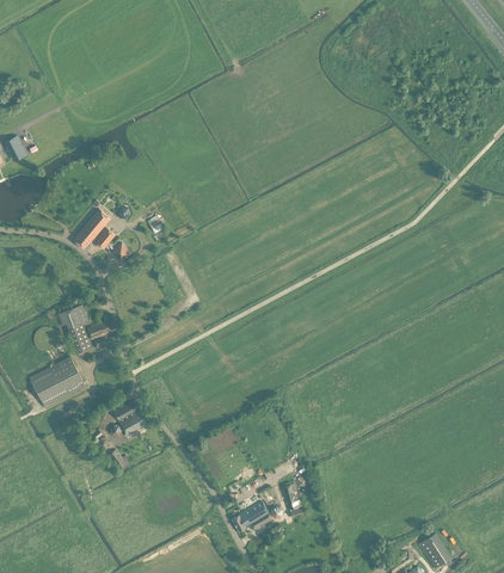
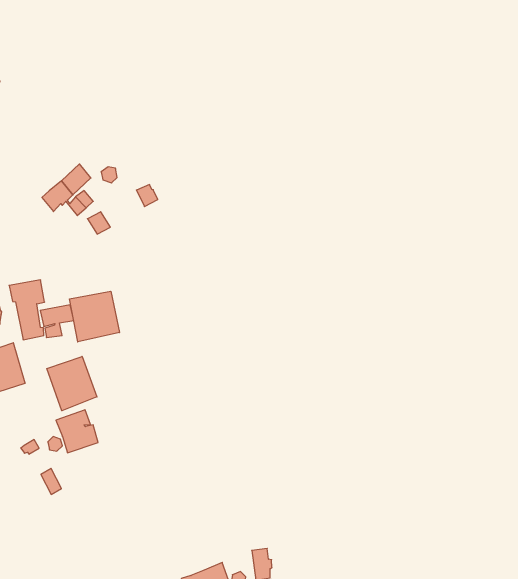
building: none -> [70,291,119,342]
building: none -> [47,356,97,411]

